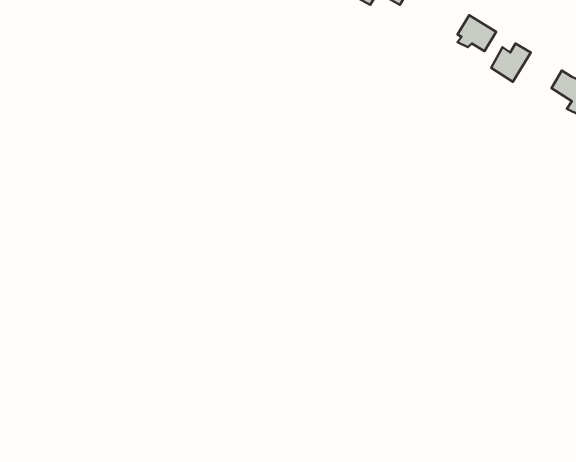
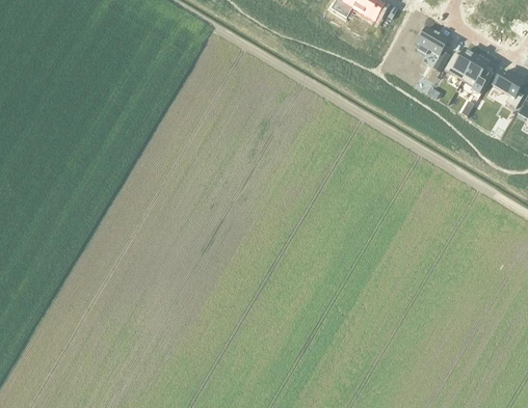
building: none -> [461,56,490,92]

